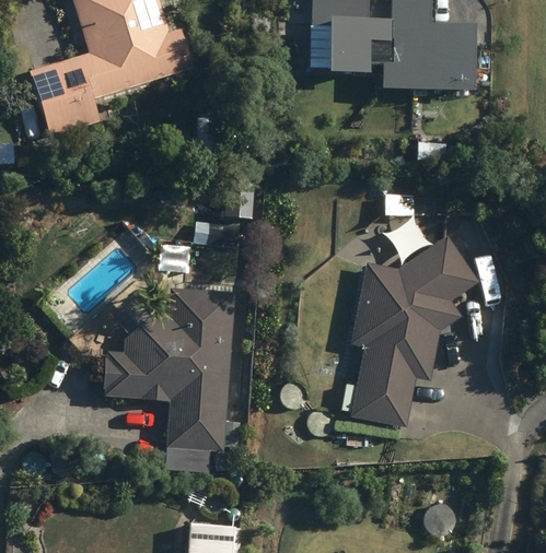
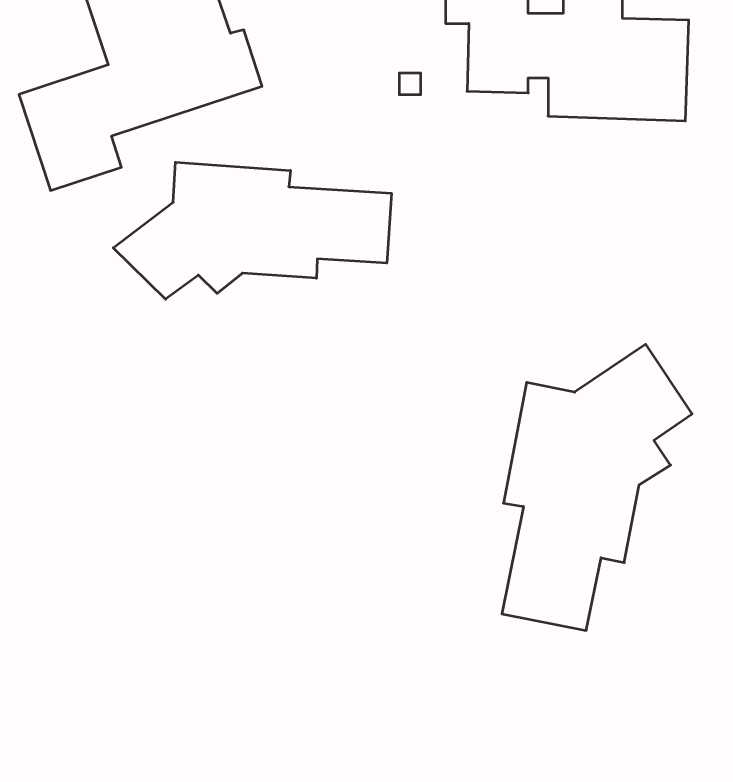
building: none -> [113,162,391,299]
building: [102,290,234,450] -> none

